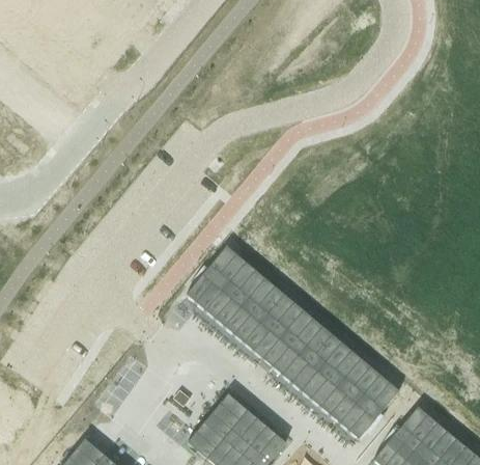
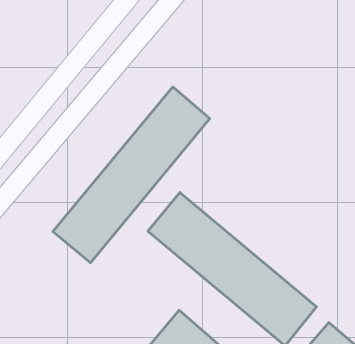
building: none -> [53,87,210,263]

